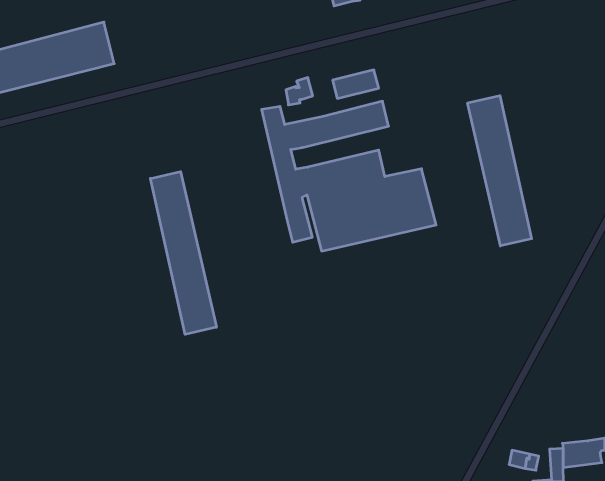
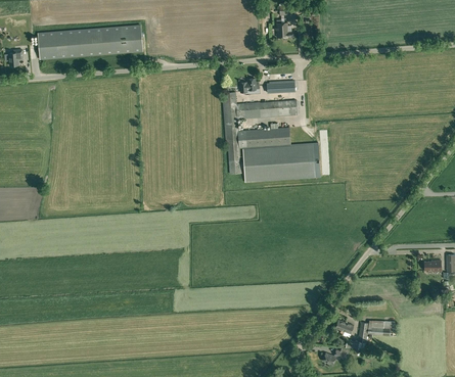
building: [468,96,532,246] -> none
building: [150,172,216,334] -> none

